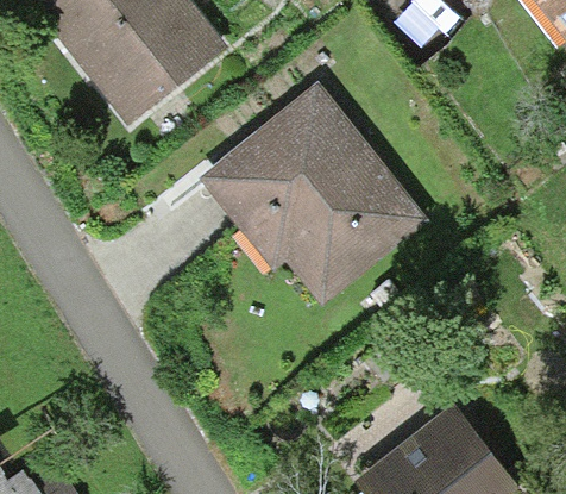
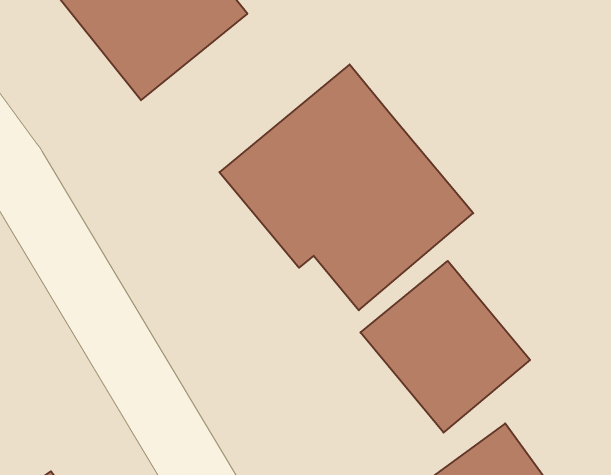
building: none -> [360,261,530,433]

